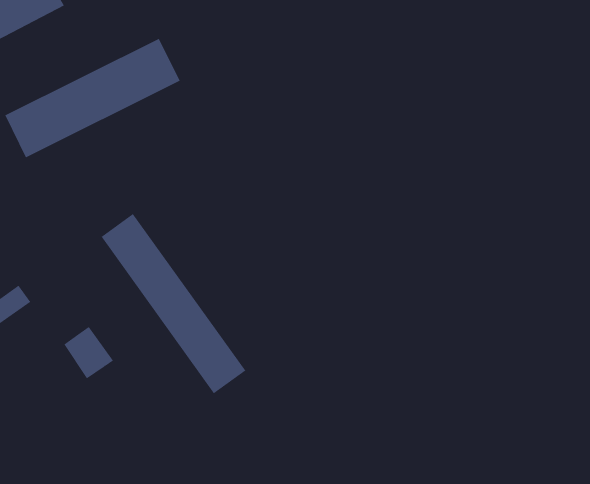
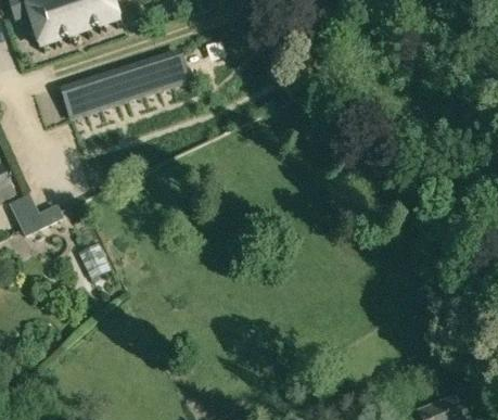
building: [101,213,246,394] -> none

